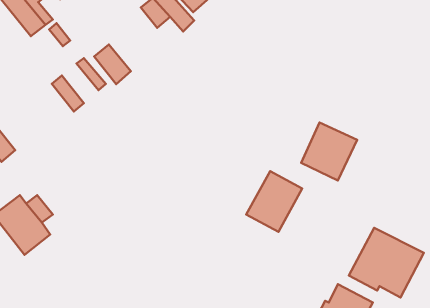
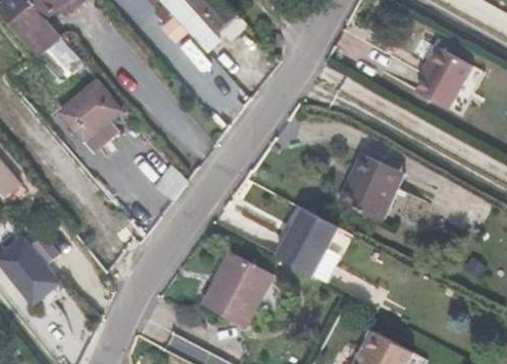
building: none -> [410,41,466,104]
building: [94,45,131,84] -> [71,88,112,133]
building: none -> [204,255,270,328]
building: [349,228,424,298] -> none

